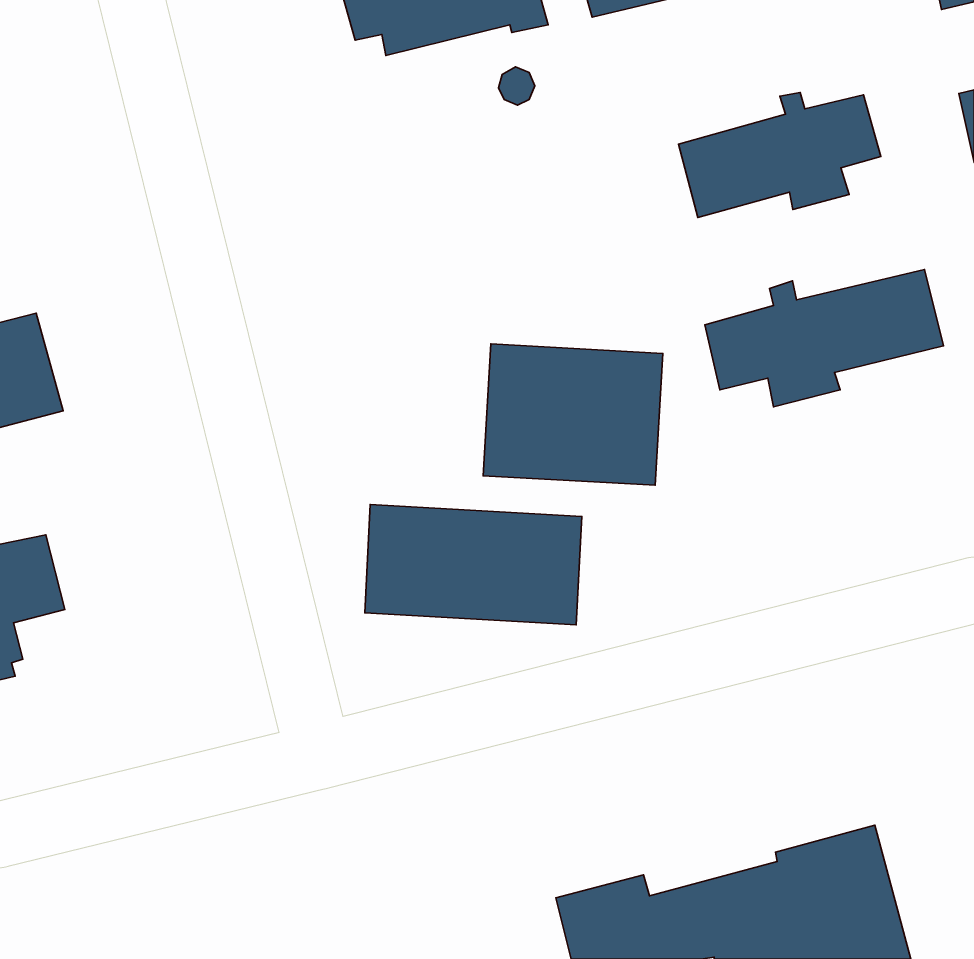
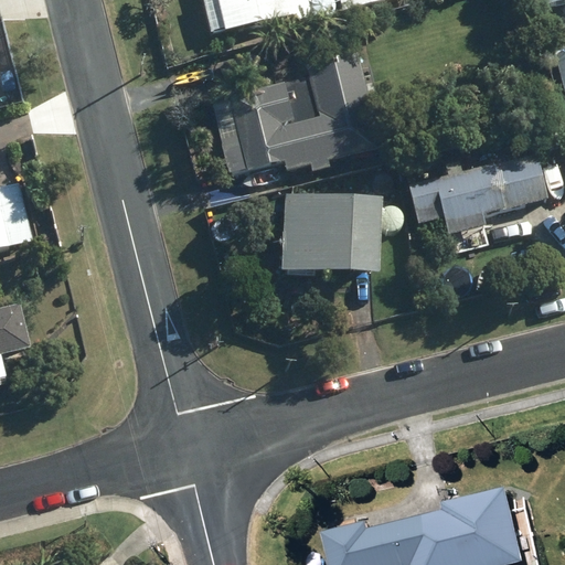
building: [678,93,881,217] -> none
building: none -> [211,54,377,173]
building: [365,505,582,625] -> none

